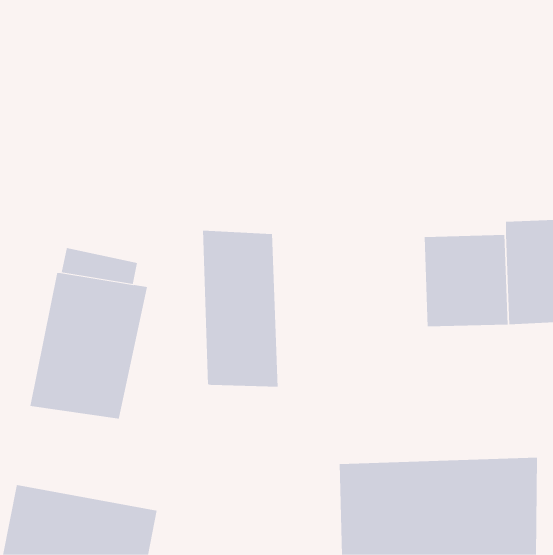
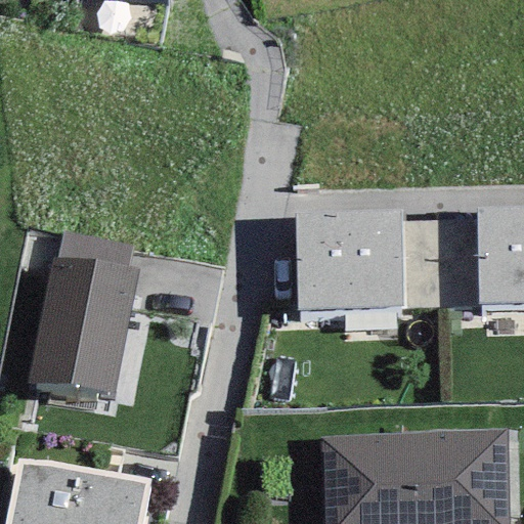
building: none -> [296,211,404,312]
building: [203,230,278,387] -> none

